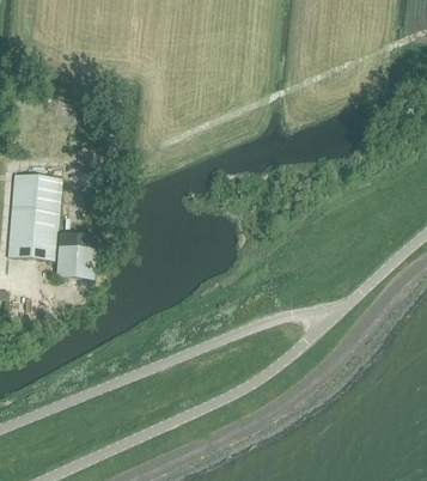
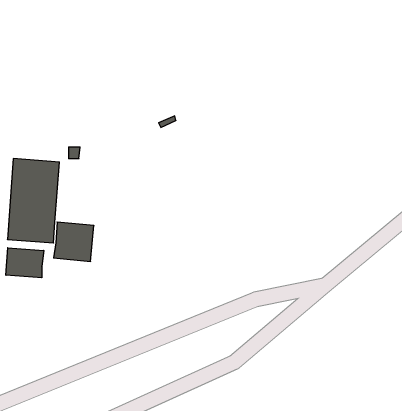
building: none -> [6,248,44,278]

